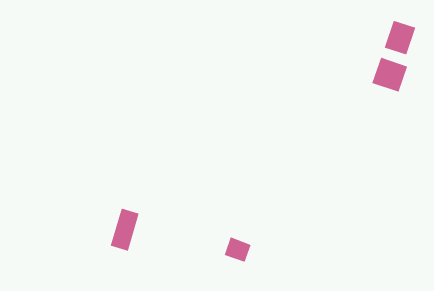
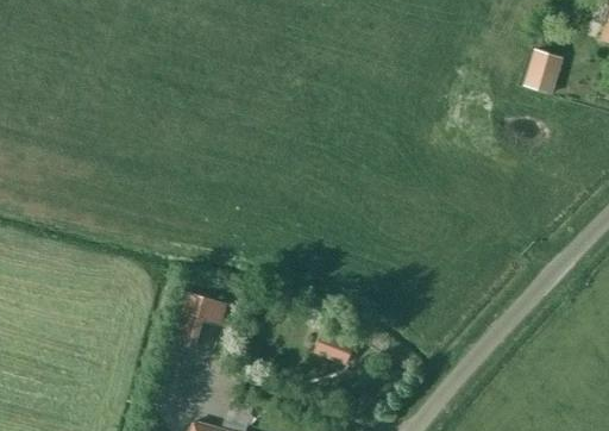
building: [372,57,408,93] -> none

